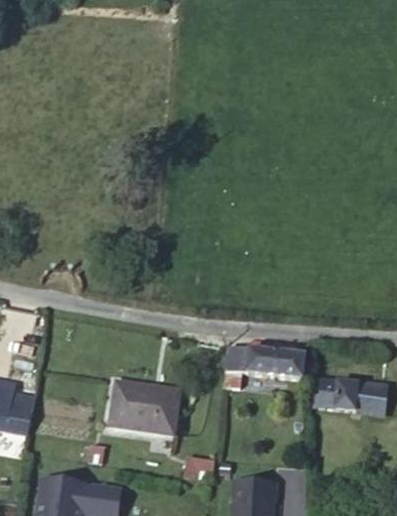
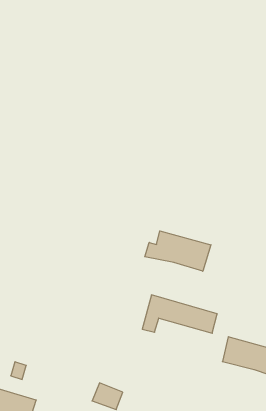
building: none -> [145,231,211,271]
building: [110,381,178,433] -> none

